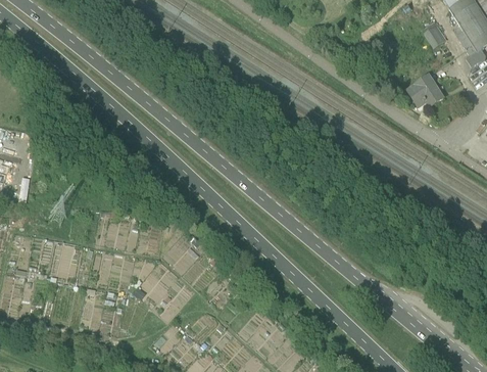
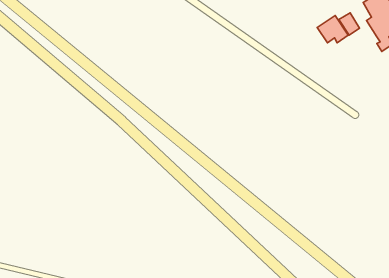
building: [405,74,442,106] -> [317,15,348,43]

